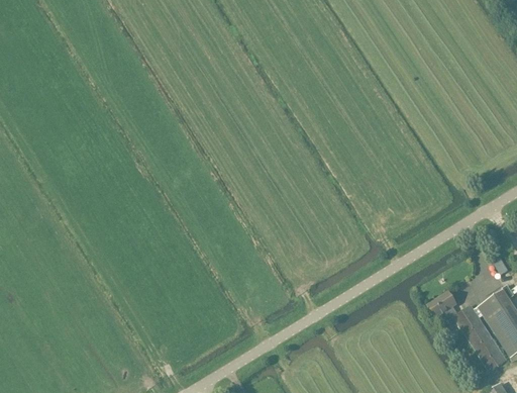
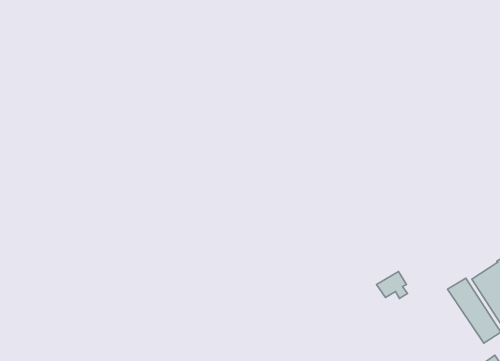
building: [426,290,457,317] -> [376,271,407,298]

